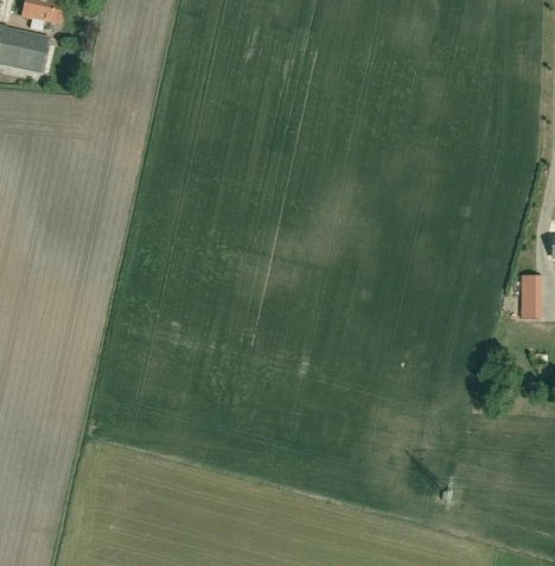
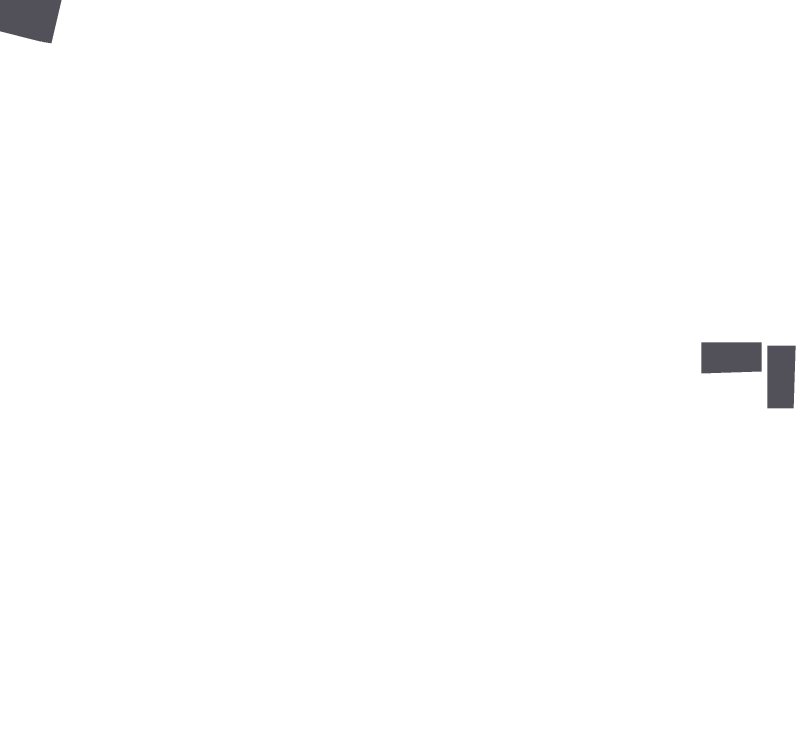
building: none -> [701,341,762,374]

